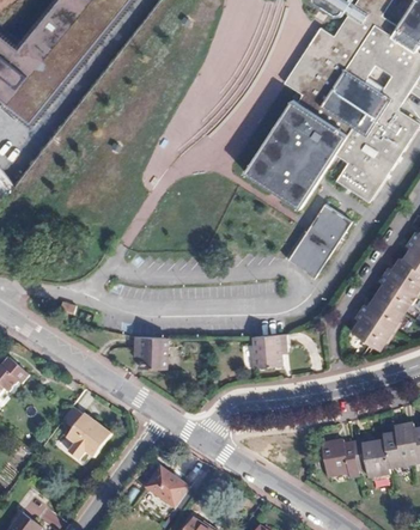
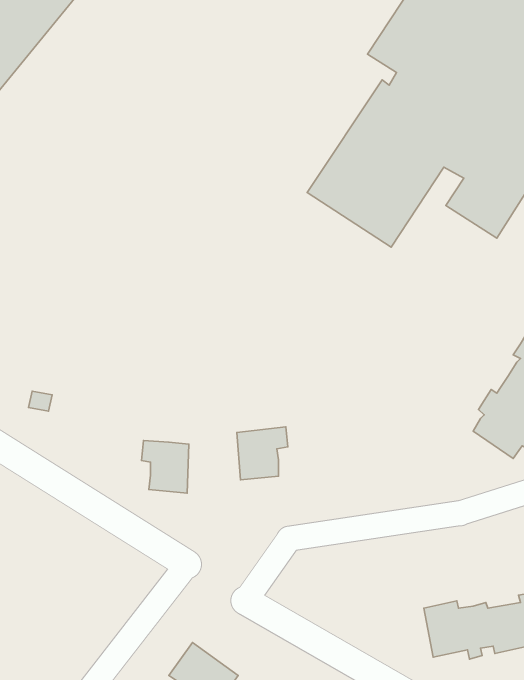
building: [286,205,349,279] -> none
building: [250,333,284,367] -> [237,427,288,480]
building: [66,398,116,452] -> none

